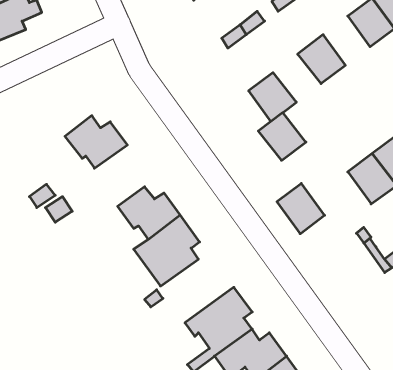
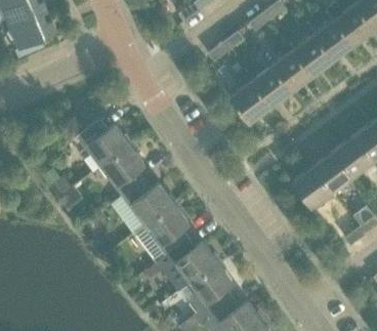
building: none -> [292,35,331,76]
building: [258,113,306,160] -> [250,67,290,107]
building: none -> [100,142,143,194]
building: [277,183,325,234] -> [292,165,332,207]
building: none -> [156,238,217,291]

